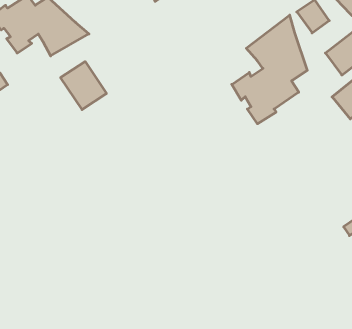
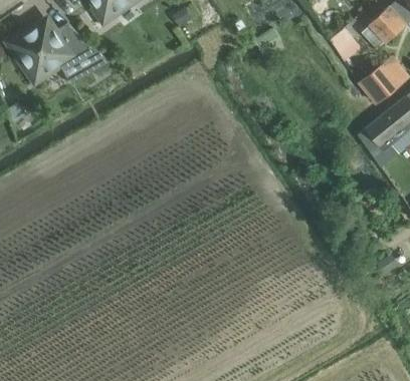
building: [232,15,307,124] -> none
building: [61,62,106,110] -> none

